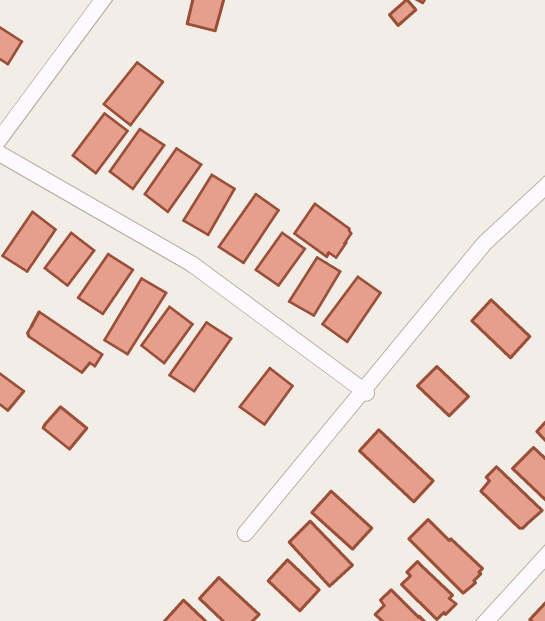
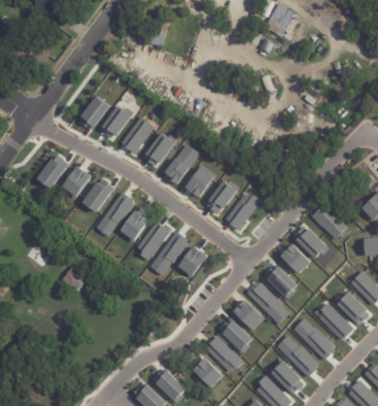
building: [104,63,163,125] -> none
building: [295,204,351,258] -> none
building: [27,312,102,373] -> none
building: none -> [293,225,328,260]
building: none -> [149,232,188,276]
building: none -> [262,263,298,298]
building: none -> [232,298,265,330]
building: none -> [293,318,334,360]

